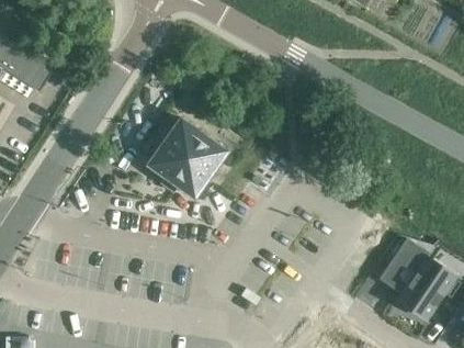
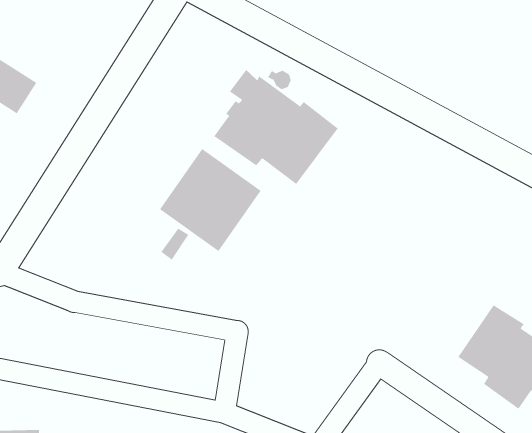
building: none -> [213,69,338,185]

